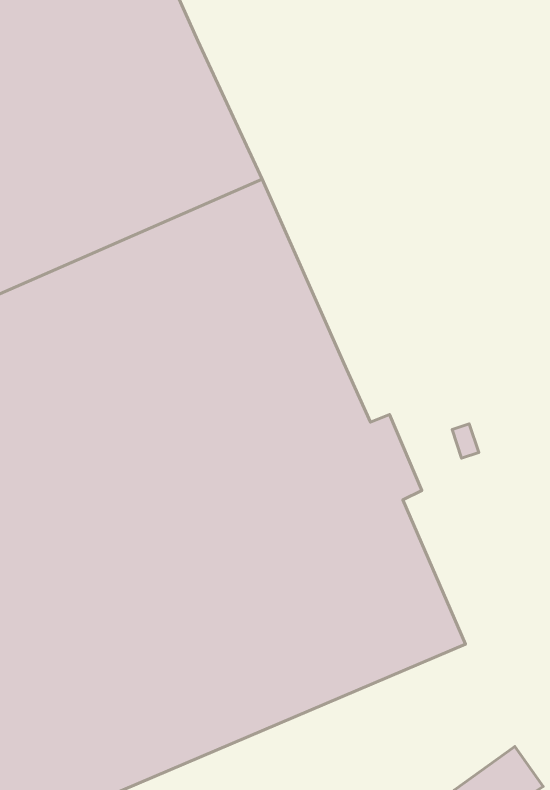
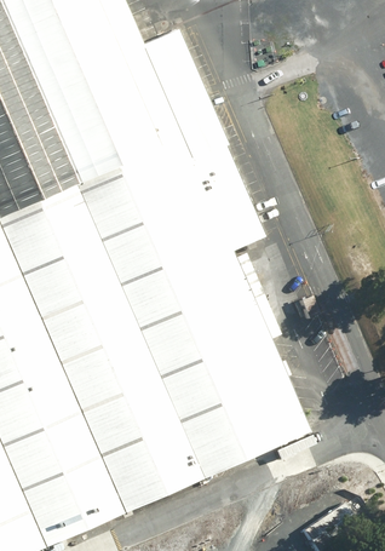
building: none -> [143,30,270,252]

